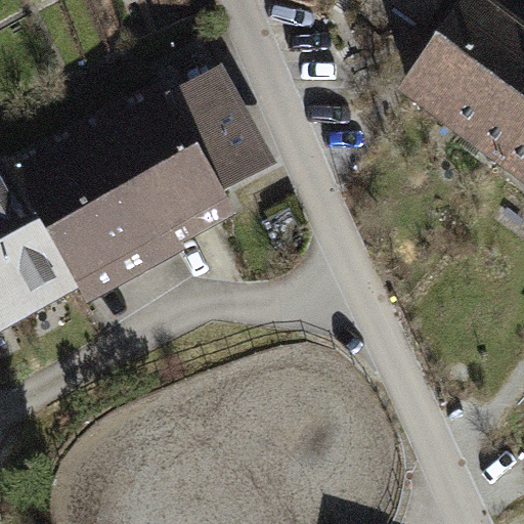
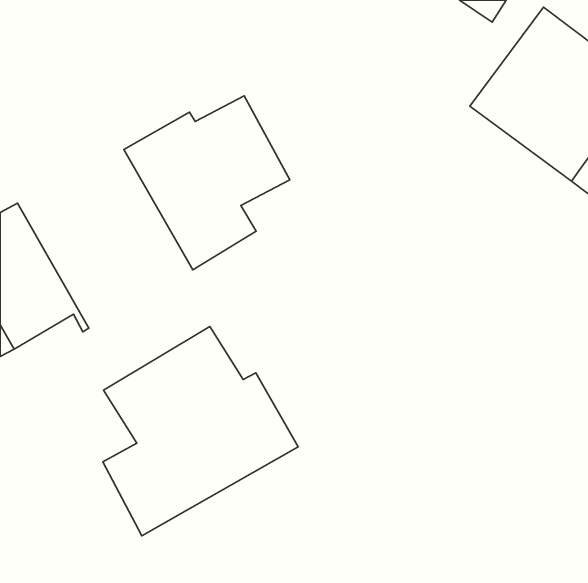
building: [24,143,177,300] -> none
building: none -> [103,326,298,536]

